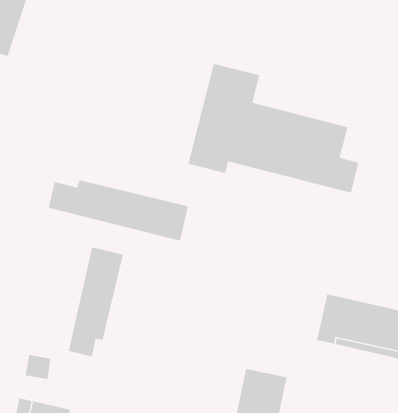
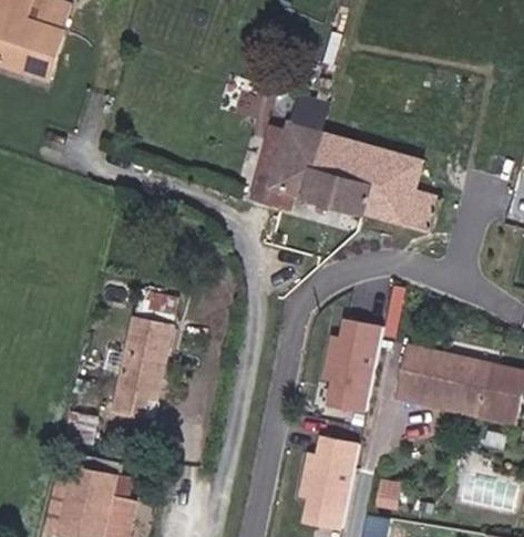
building: [48,179,189,242] -> none
building: none -> [323,316,382,410]

